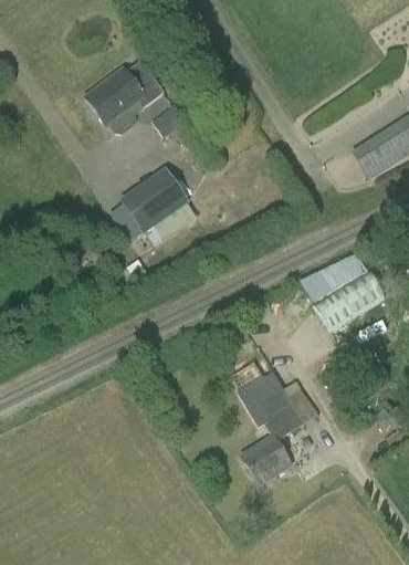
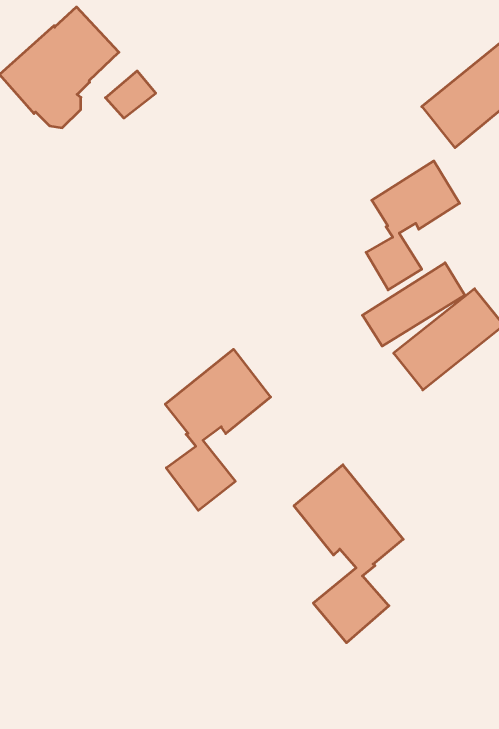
building: [118,166,197,244] -> none
building: none -> [366,161,460,290]
building: none -> [165,349,271,510]

